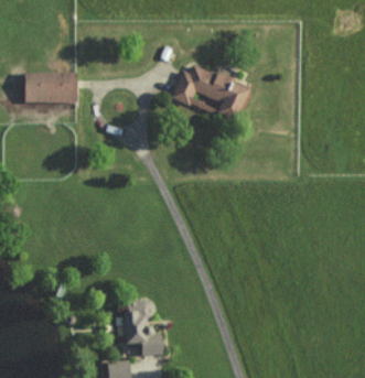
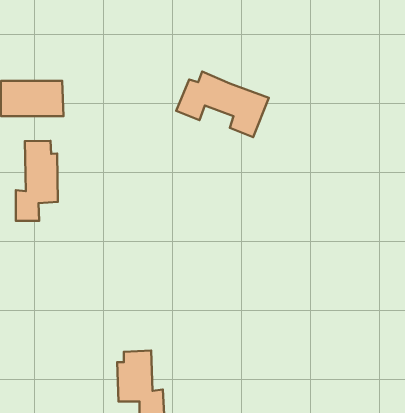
building: none -> [16,141,58,221]

